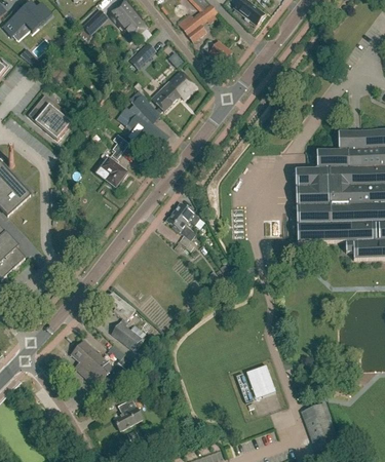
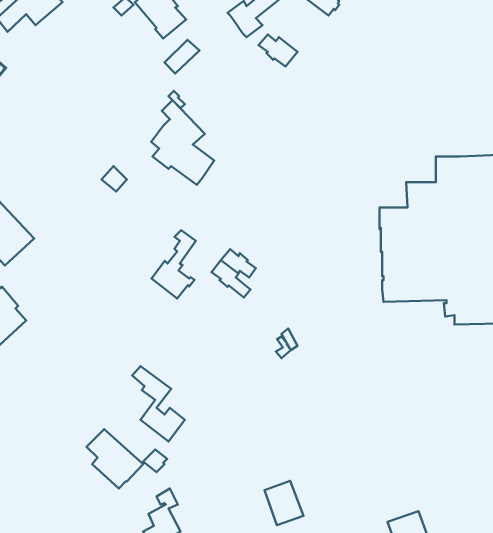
building: [151,70,195,111] -> none
building: [28,93,75,139] -> none
building: [95,133,129,186] -> [152,230,196,299]
building: [246,364,276,398] -> [265,481,304,525]

